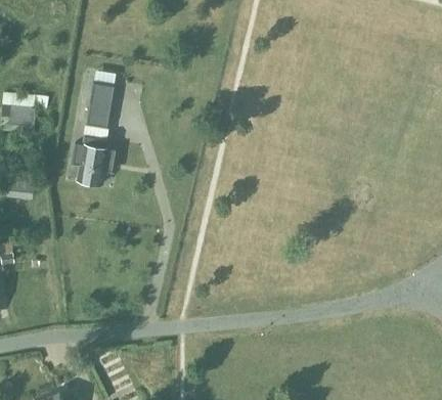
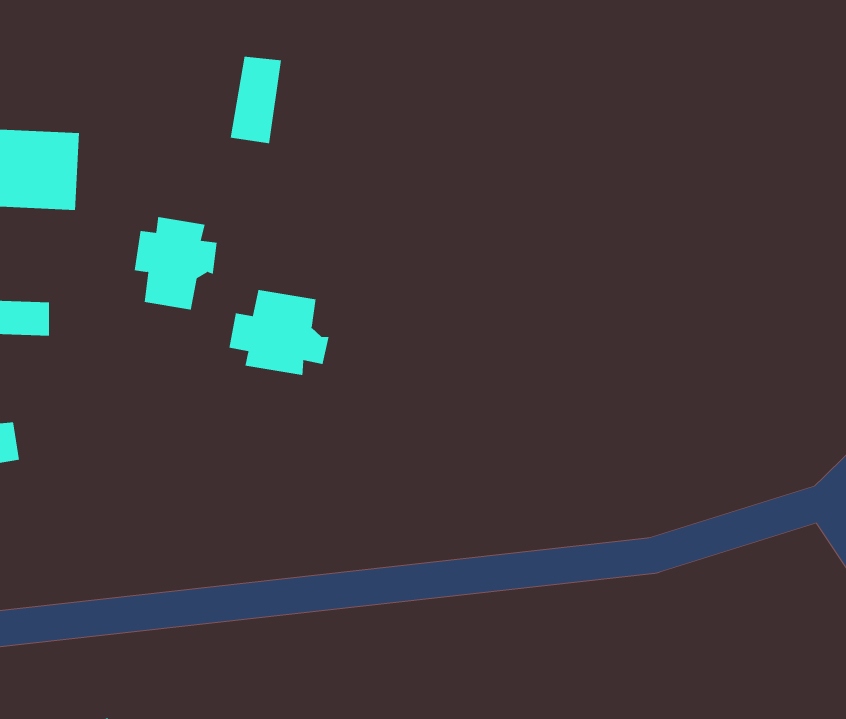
building: [85,83,112,128] -> [230,56,282,144]
building: none -> [229,289,329,376]

